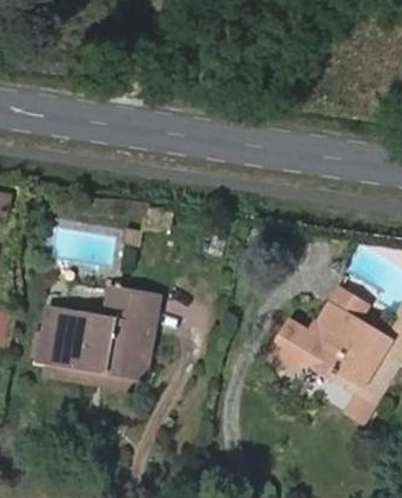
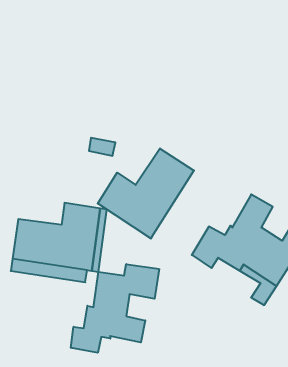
building: none -> [98,148,194,239]
building: none -> [71,264,159,353]

